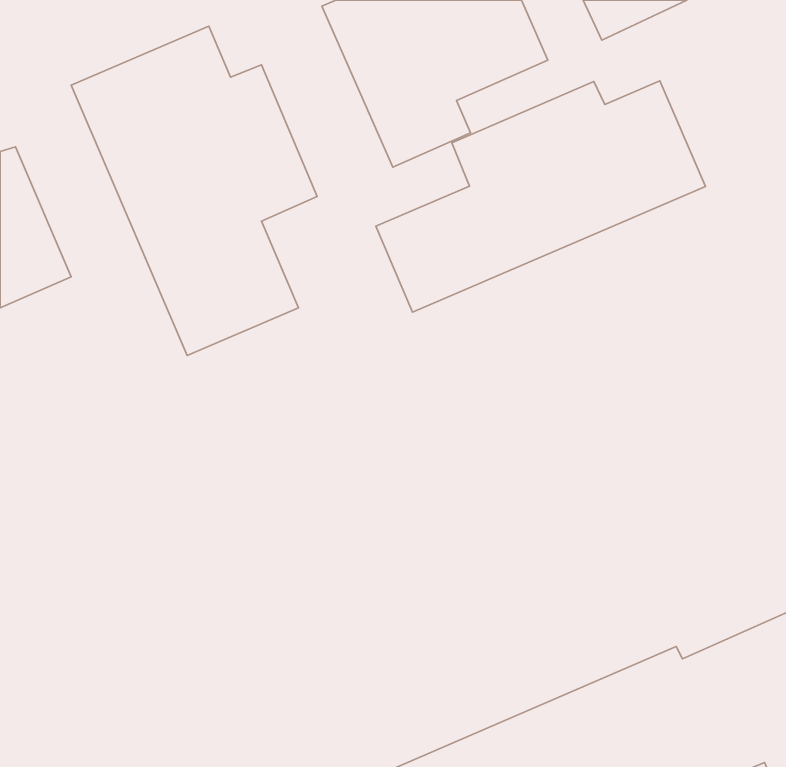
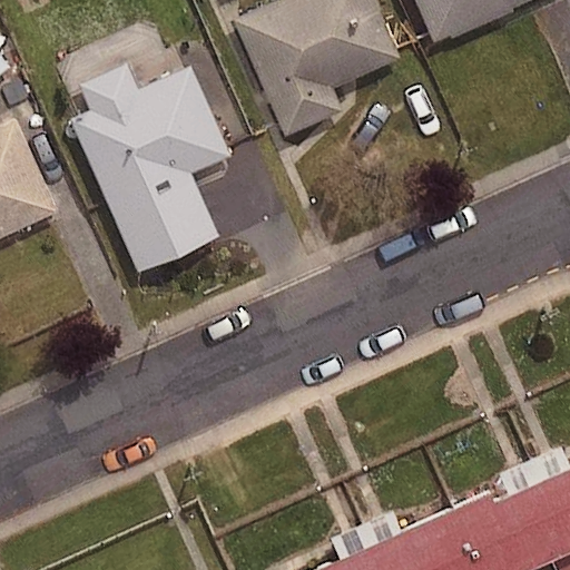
building: [376,81,705,312] -> none

